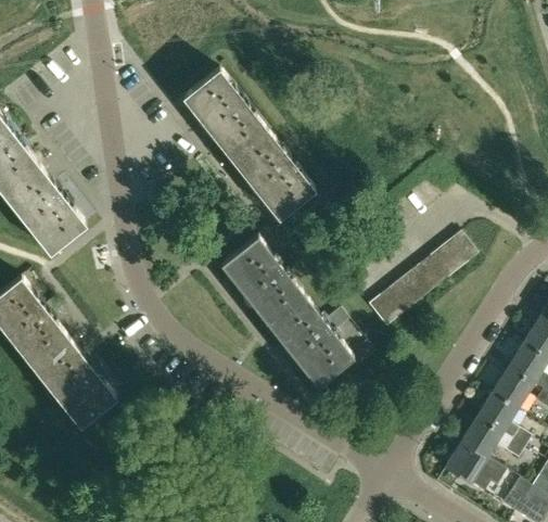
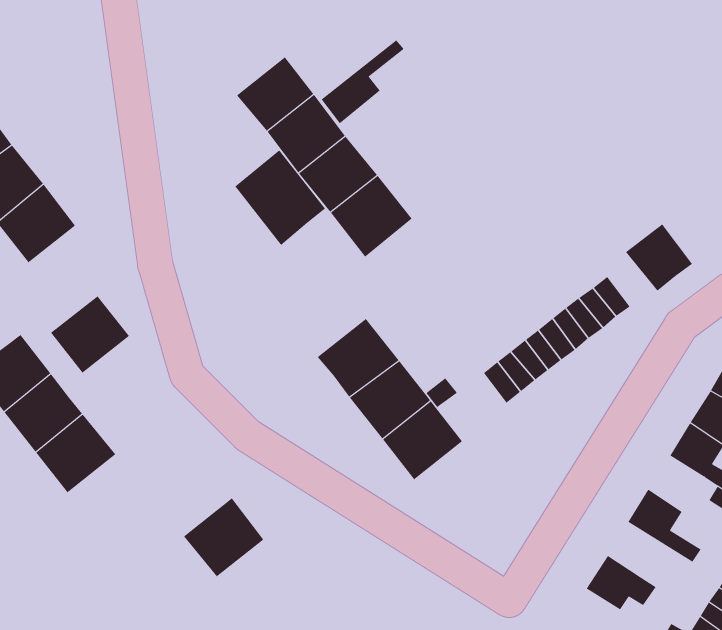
building: none -> [321,39,405,124]
building: none -> [234,149,326,246]
building: none -> [625,224,693,292]
building: [26,195,86,254] -> [50,295,130,373]
building: [220,235,280,294] -> none
building: [55,367,116,426] -> [183,498,264,577]
building: [492,368,534,410] -> none
building: [461,418,525,460] -> none

